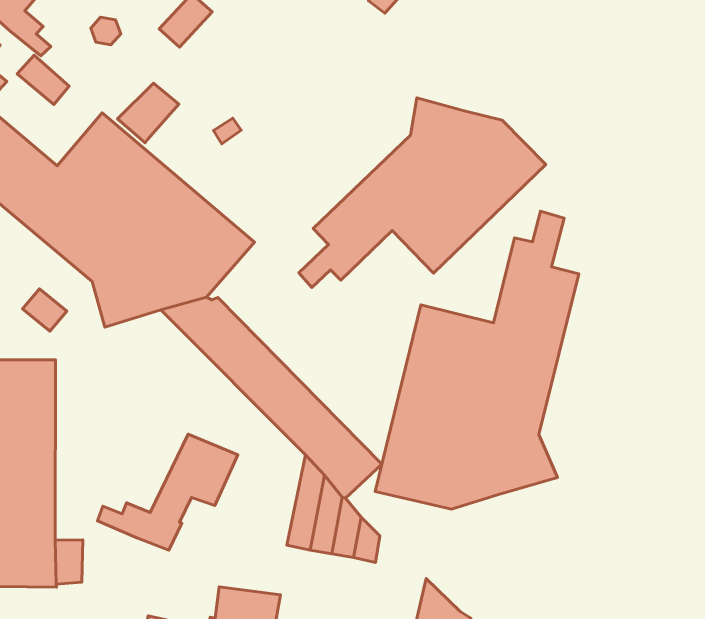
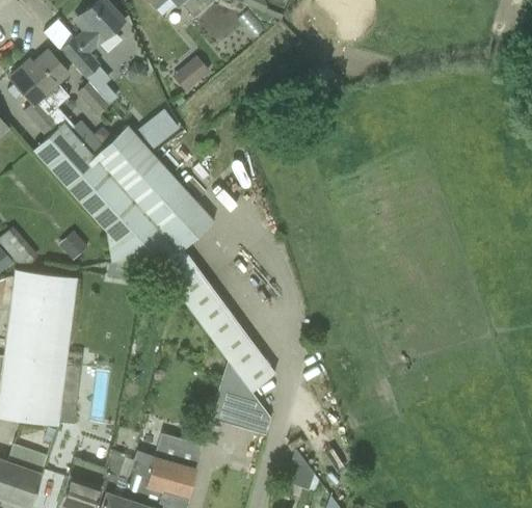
building: [299,98,546,287] -> none
building: [375,211,579,509] -> none
building: [98,434,238,550] -> none

